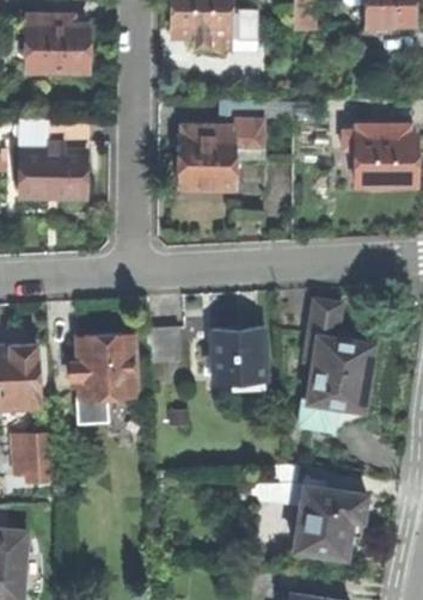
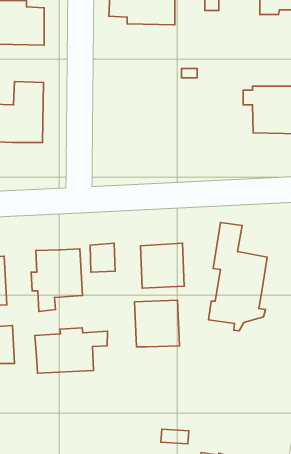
building: [179,100,265,188] -> none
building: none -> [134,300,179,347]
building: none -> [35,328,108,373]
building: [295,485,367,557] -> none

